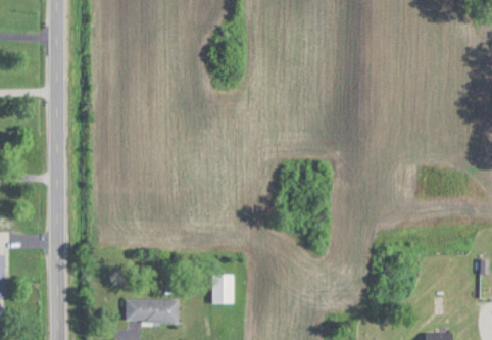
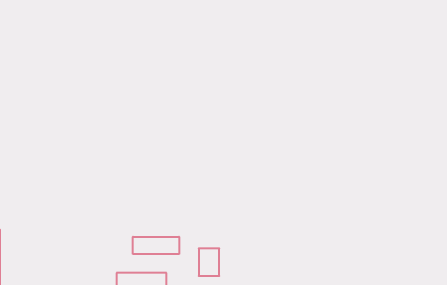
building: none -> [133,237,179,254]

